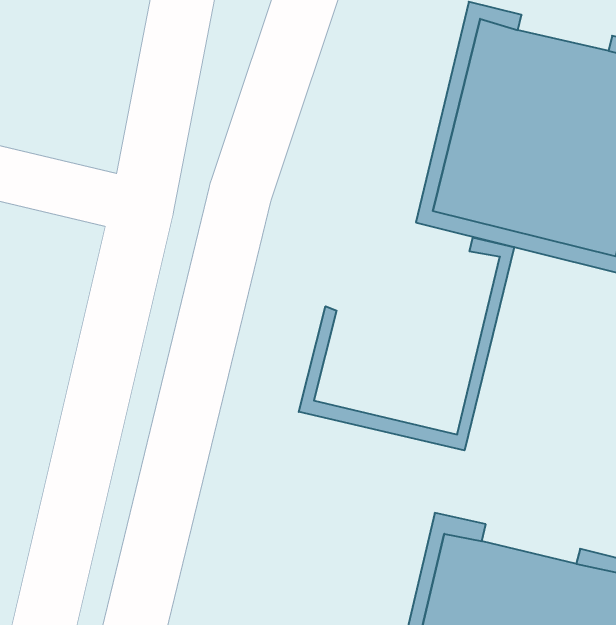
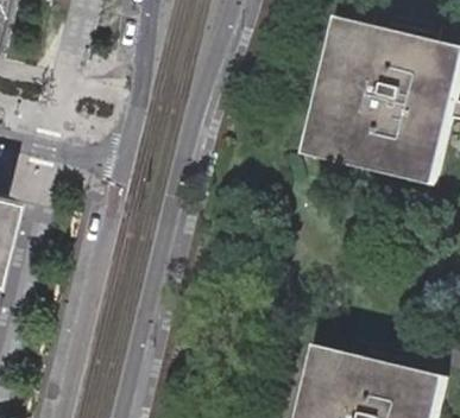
building: [299,237,514,450] -> none

